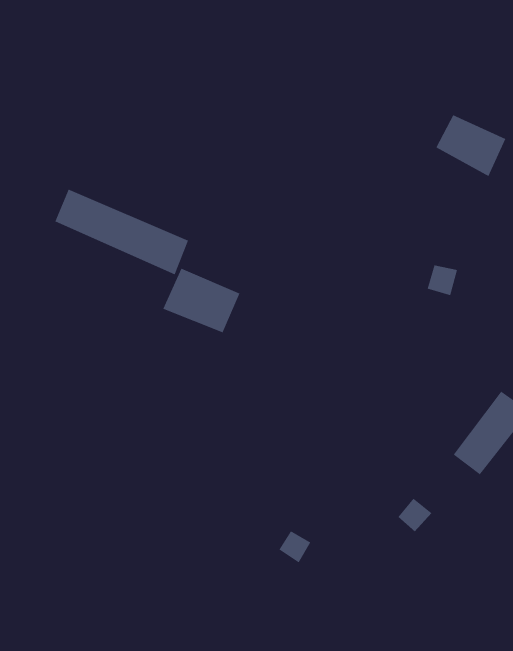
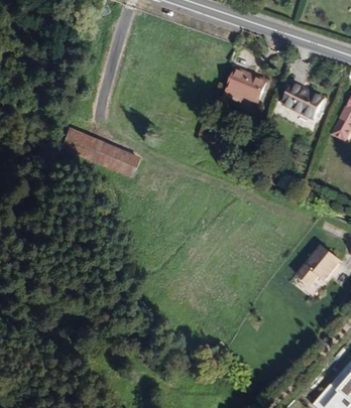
building: none -> [223,67,267,102]
building: [163,268,240,333] -> none

